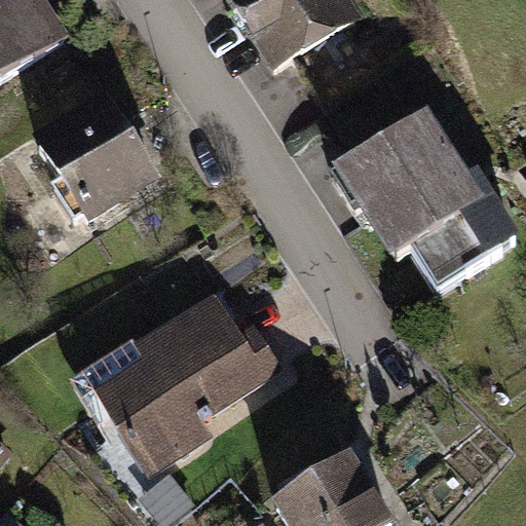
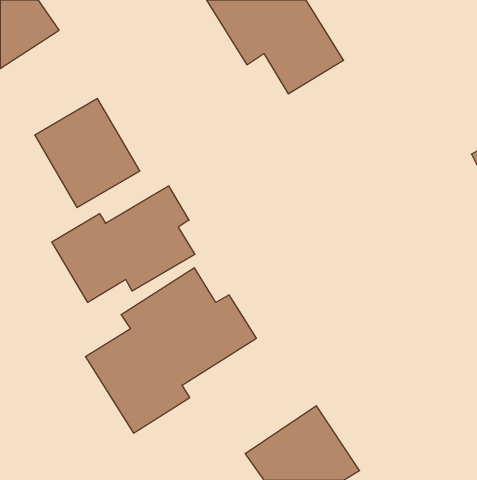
building: [329,108,519,294] -> none
building: none -> [52,186,195,302]

